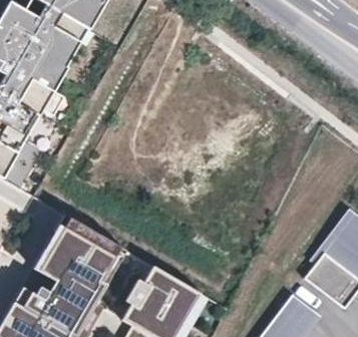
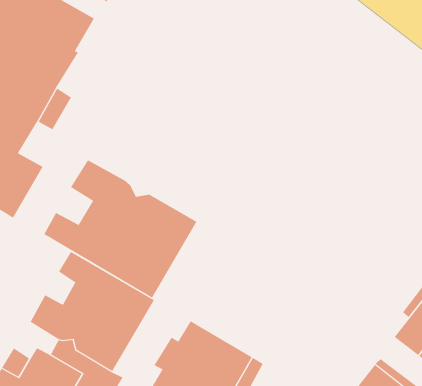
building: none -> [43,159,197,298]

